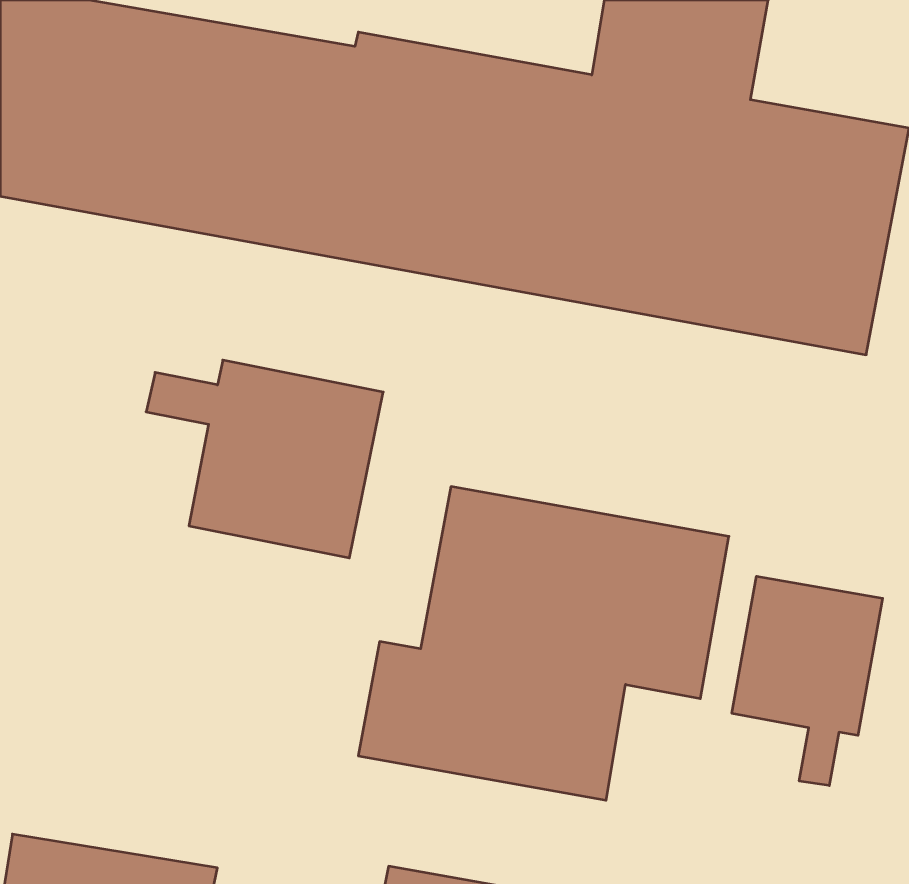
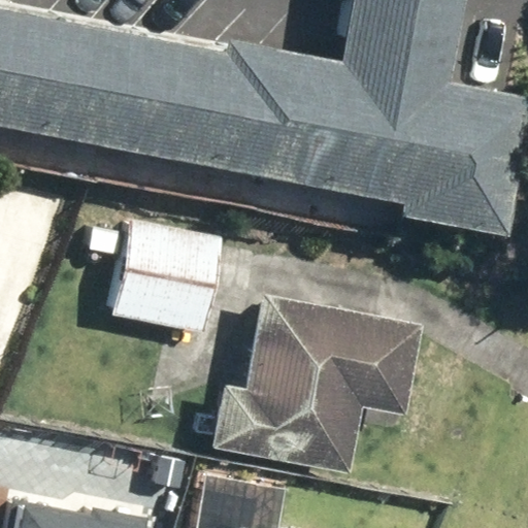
building: [732,576,883,786] -> none

